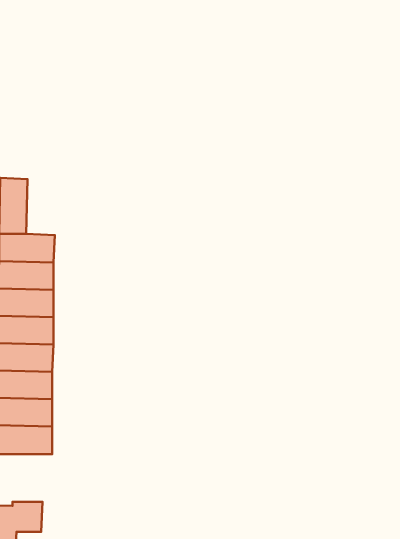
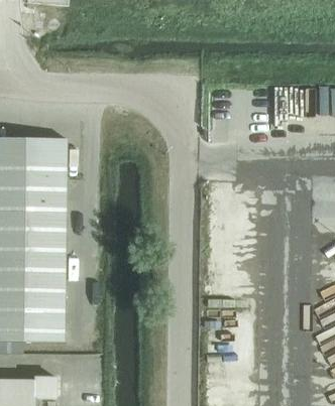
building: none -> [45,139,67,180]

